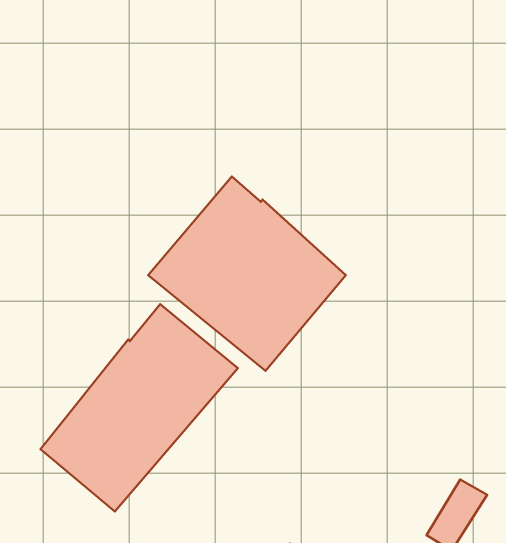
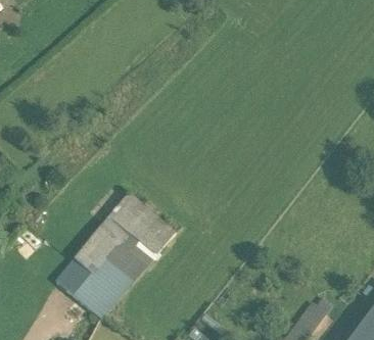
building: [148,176,346,371] -> none

